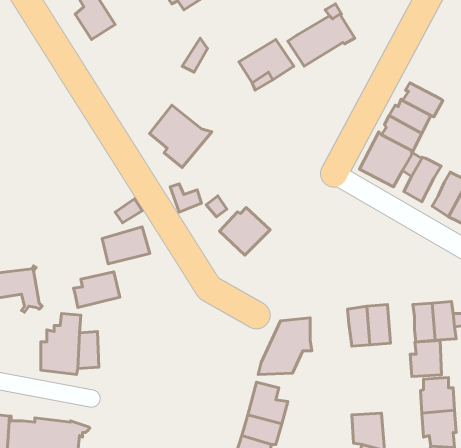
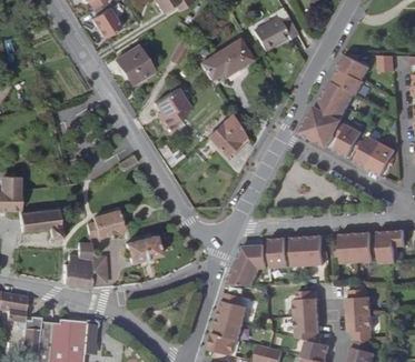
building: none -> [115,44,152,83]
building: none -> [338,54,369,81]
building: [220,207,270,255] -> [207,122,245,158]
building: [102,227,150,264] -> [126,233,161,261]
building: none -> [270,238,289,268]
building: [410,341,442,376] -> [295,290,318,316]

